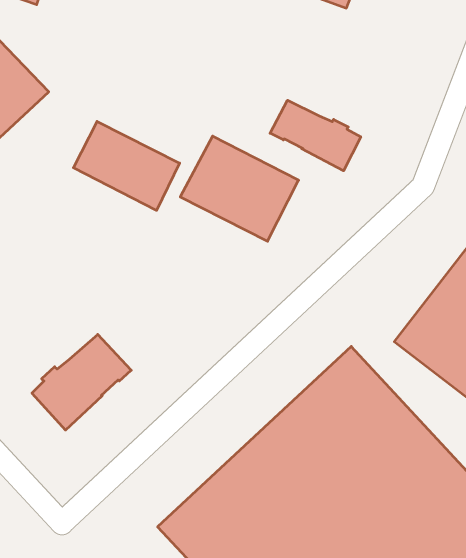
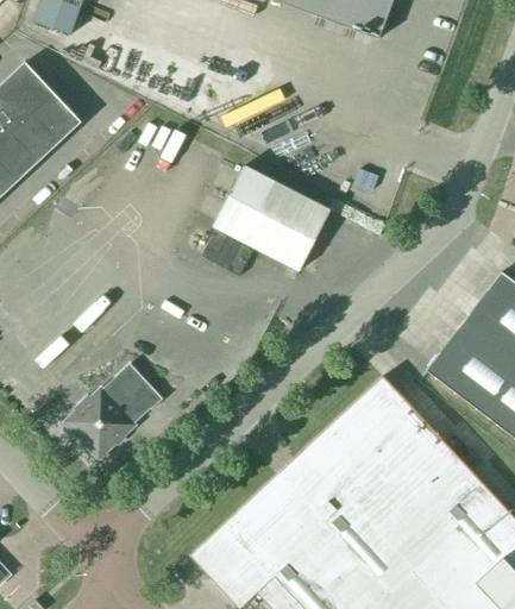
building: [270,100,361,171] -> none
building: [73,121,180,210] -> none

